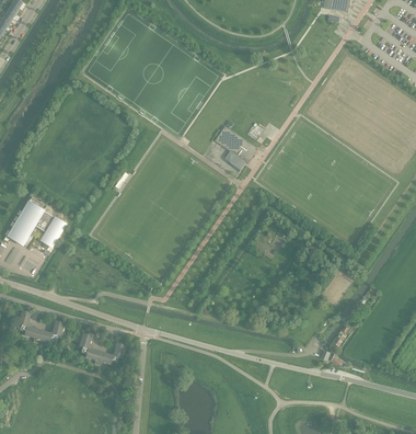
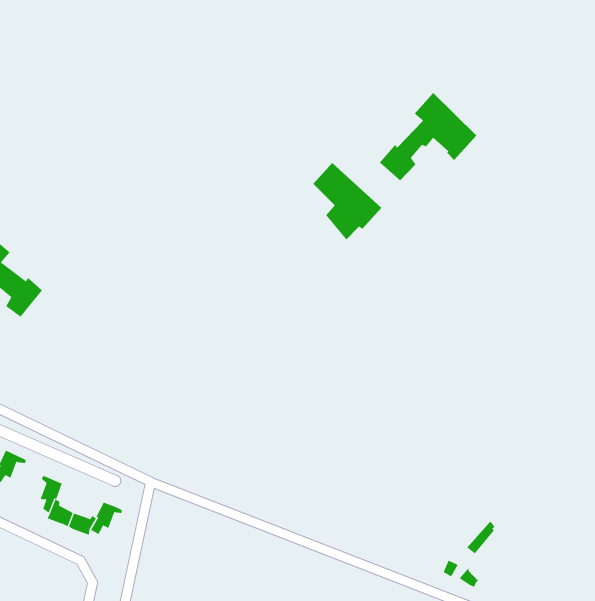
building: none -> [379,92,477,181]

